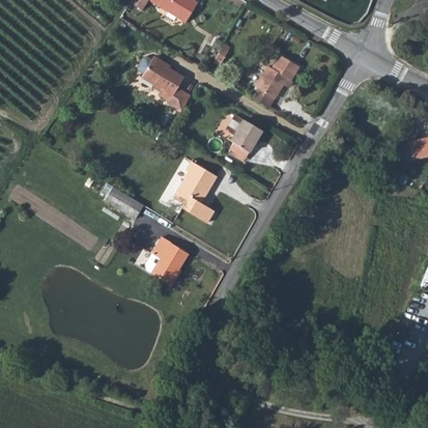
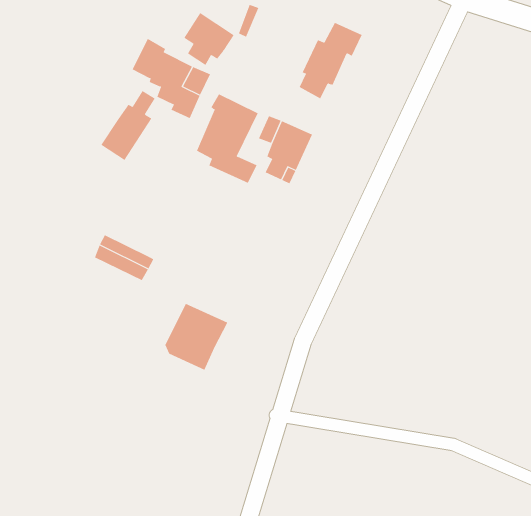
building: none -> [184,12,235,66]
building: none -> [100,90,156,161]
building: [175,161,219,222] -> [196,94,258,183]

